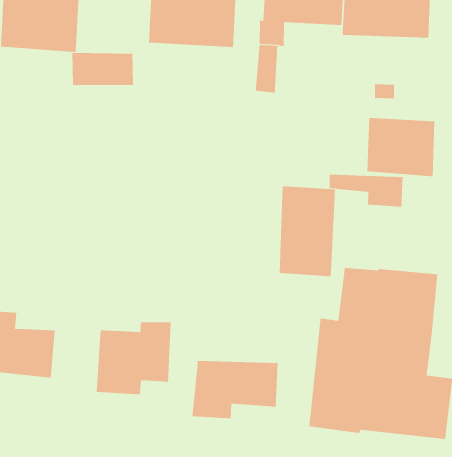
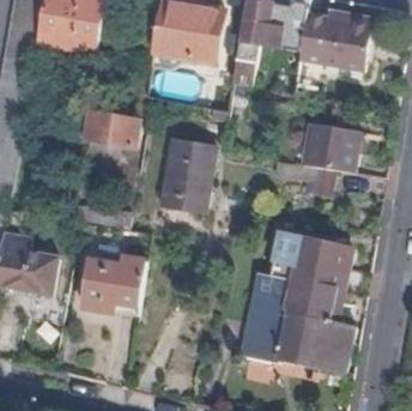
building: [72,52,134,86] -> [86,116,135,146]
building: [279,186,336,277] -> [162,139,212,212]
building: [192,360,278,419] -> none

